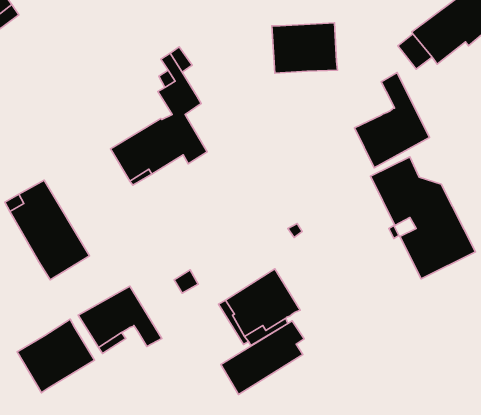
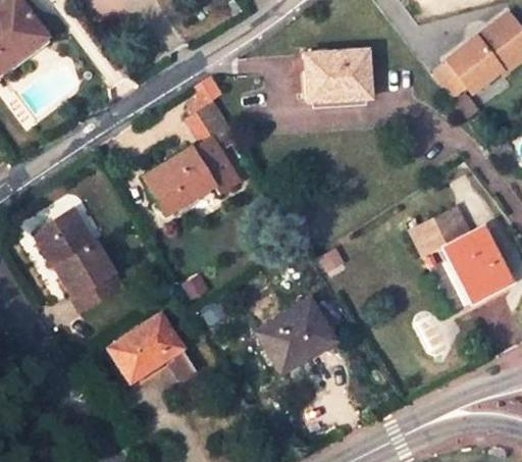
building: [354,73,429,168] -> none
building: [17,319,95,393] -> none
building: [221,321,304,394] -> none

